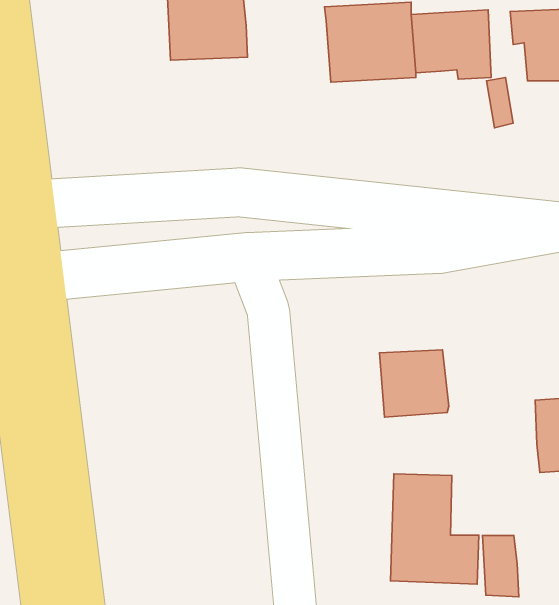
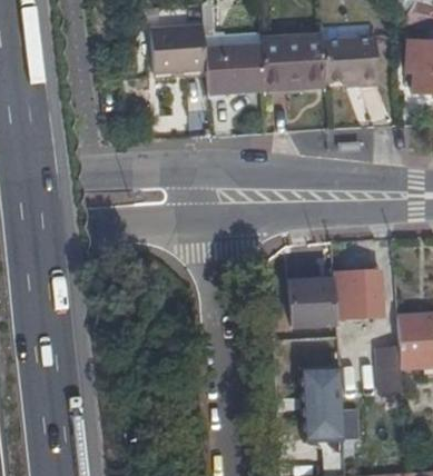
building: none -> [201,47,262,93]
building: none -> [341,268,396,319]
building: [483,535,519,597] -> [385,346,411,389]

